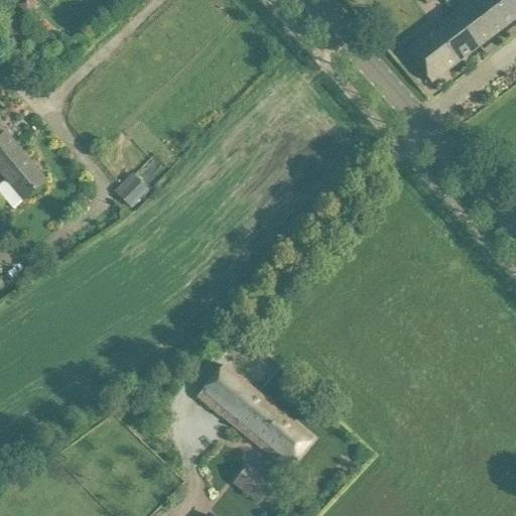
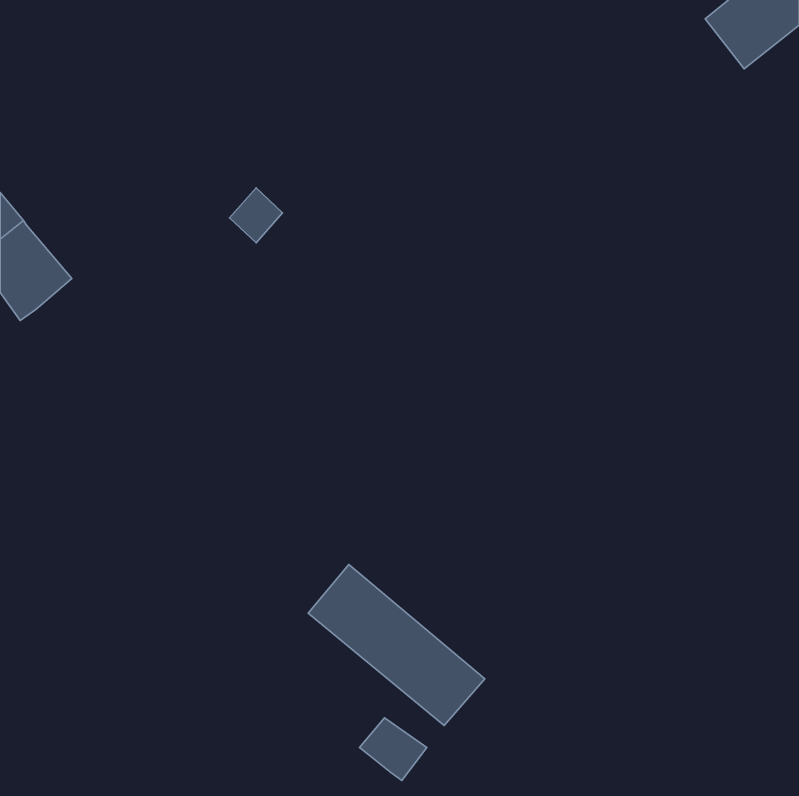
building: [406,12,480,82] -> none
building: [115,171,149,207] -> [229,188,283,243]

